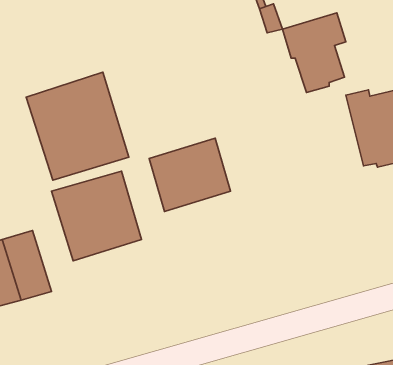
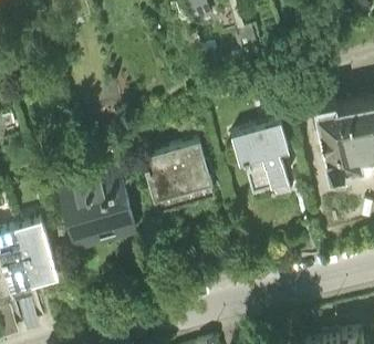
building: [282,13,346,92] -> [232,121,288,190]
building: [26,72,129,180] -> none

